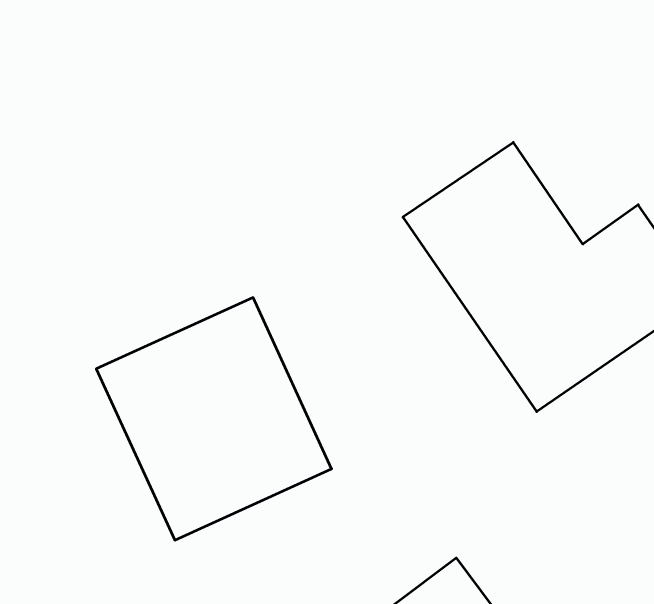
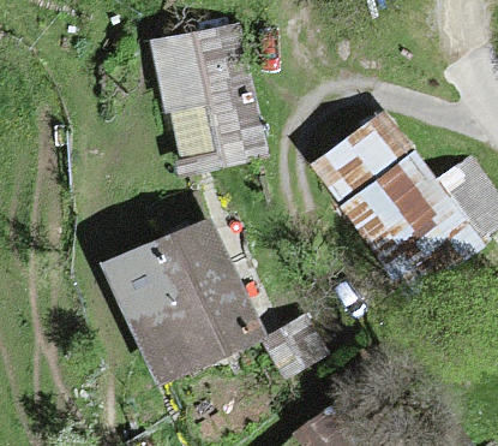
building: none -> [149,29,269,170]

